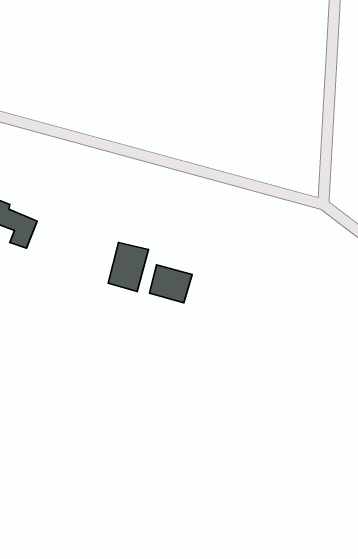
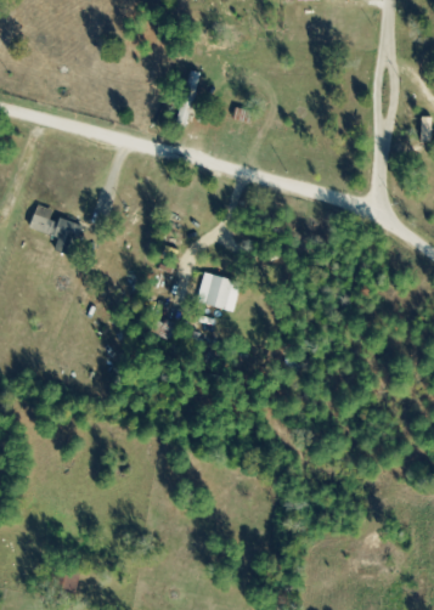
building: [108,243,148,291] -> none

